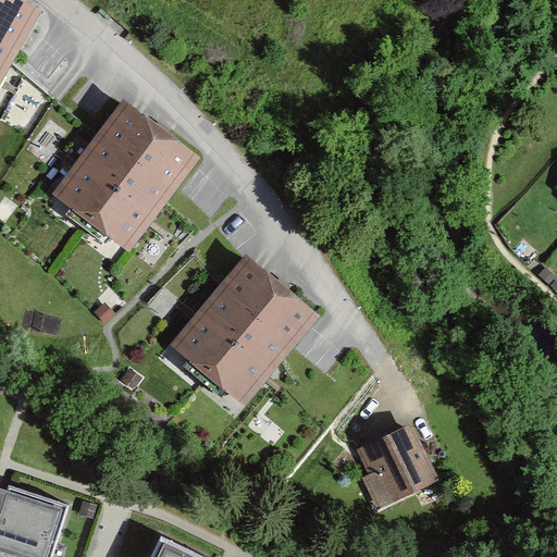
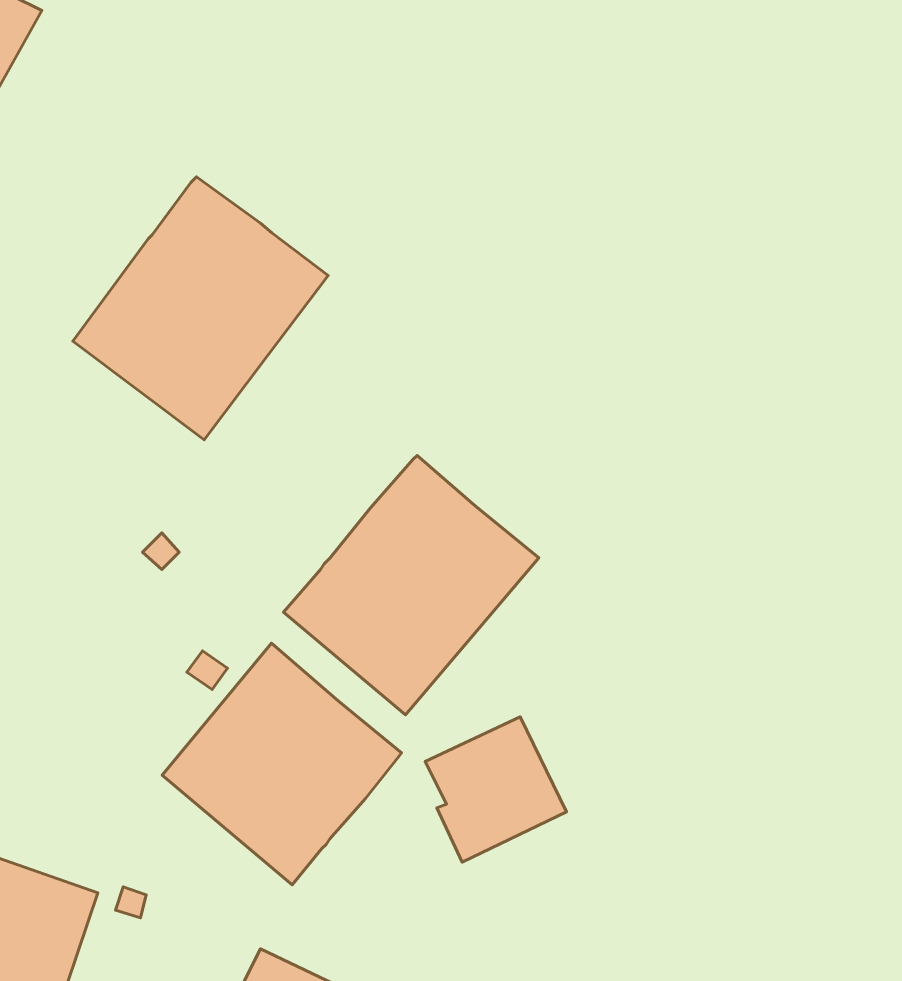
building: none -> [162,643,401,885]
building: [354,424,433,506] -> [425,717,566,862]

